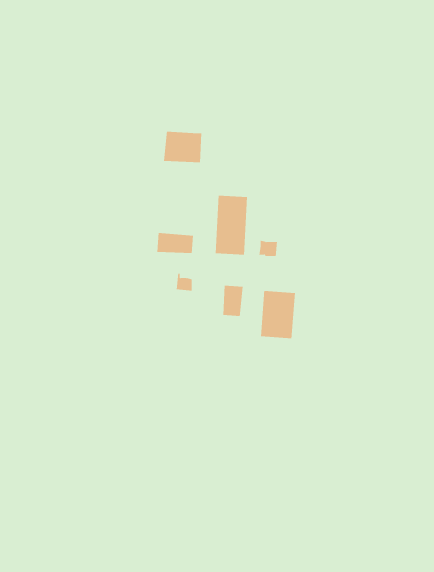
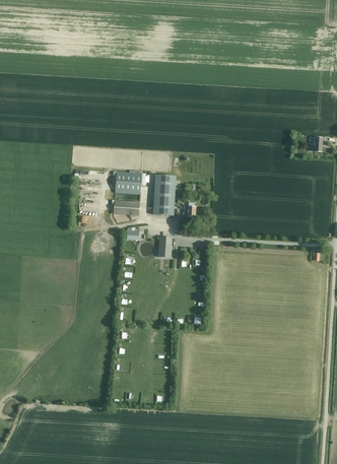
building: [163,131,202,163] -> [115,171,141,192]
building: [260,290,295,339] -> none

